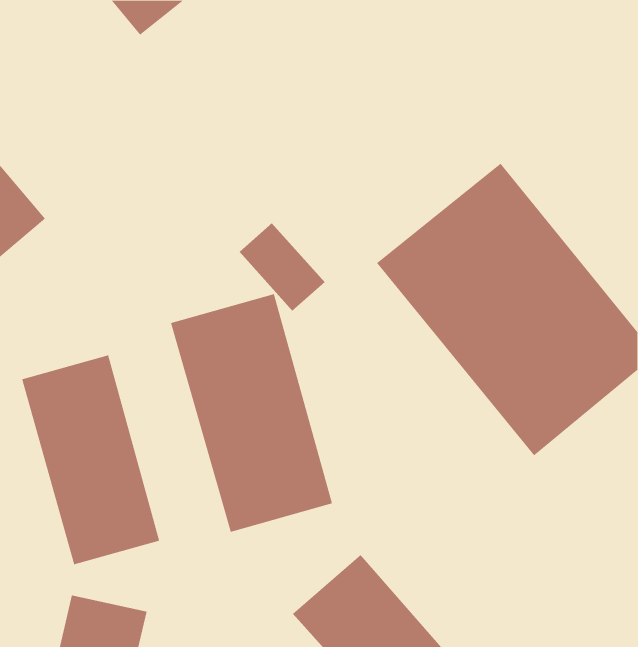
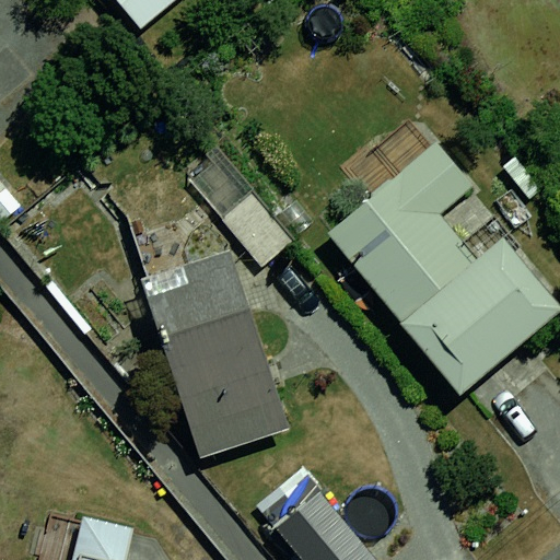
building: [21,355,160,565] -> none

